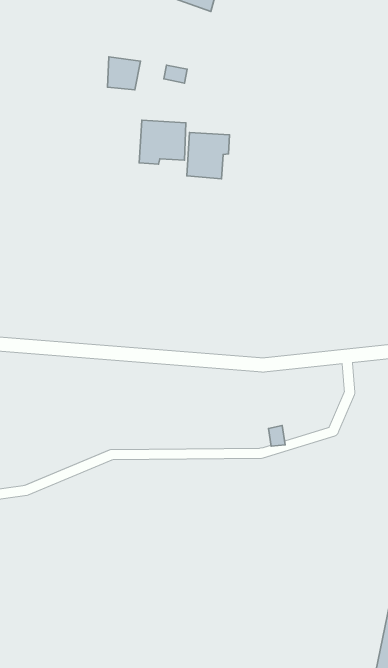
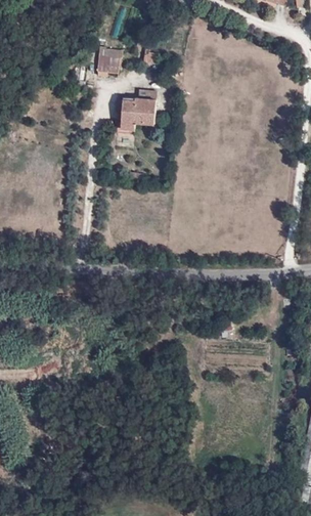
building: [187,133,229,179] -> none

